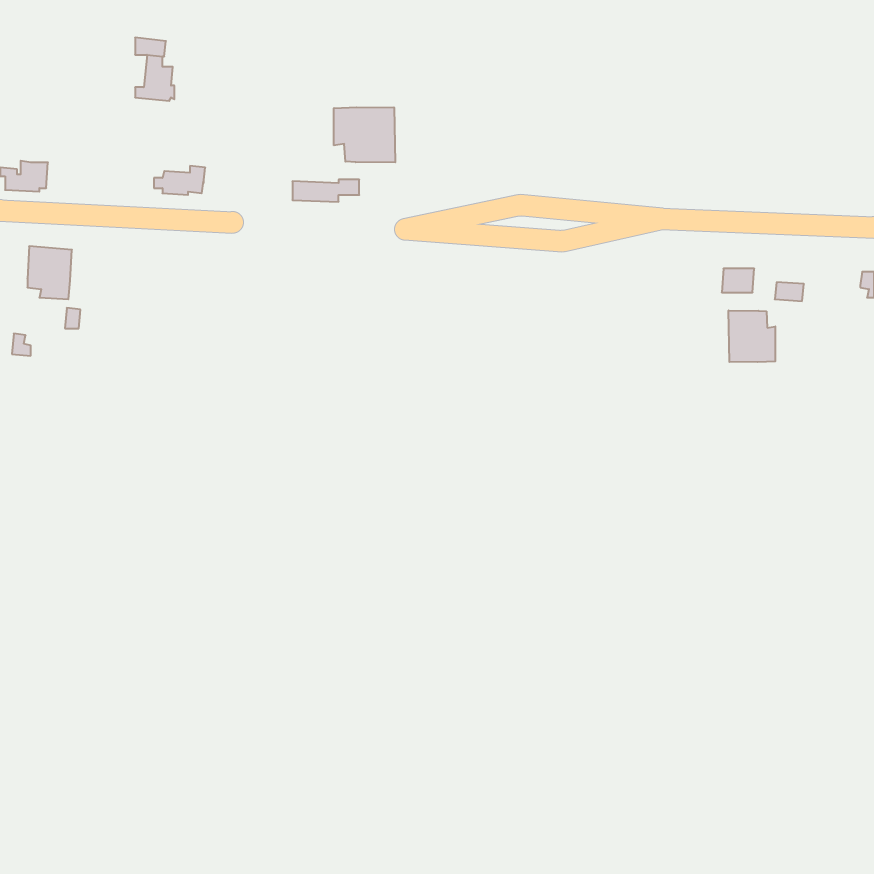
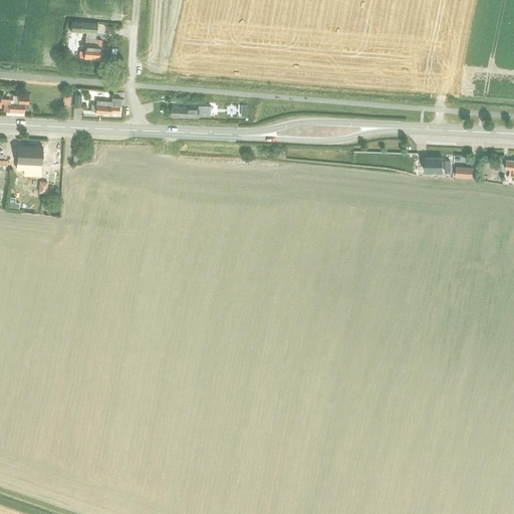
building: [334,107,395,162] -> none
building: [729,310,775,362] -> none

